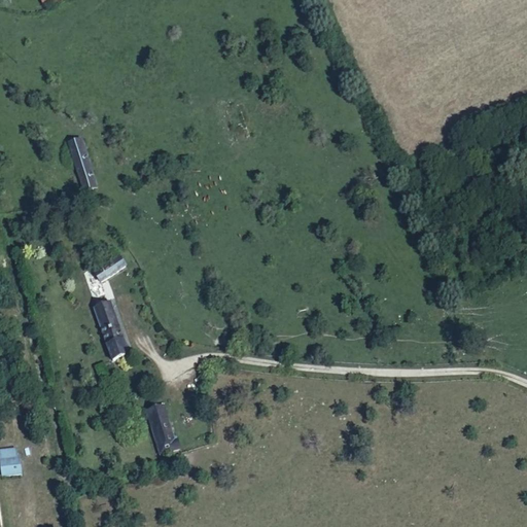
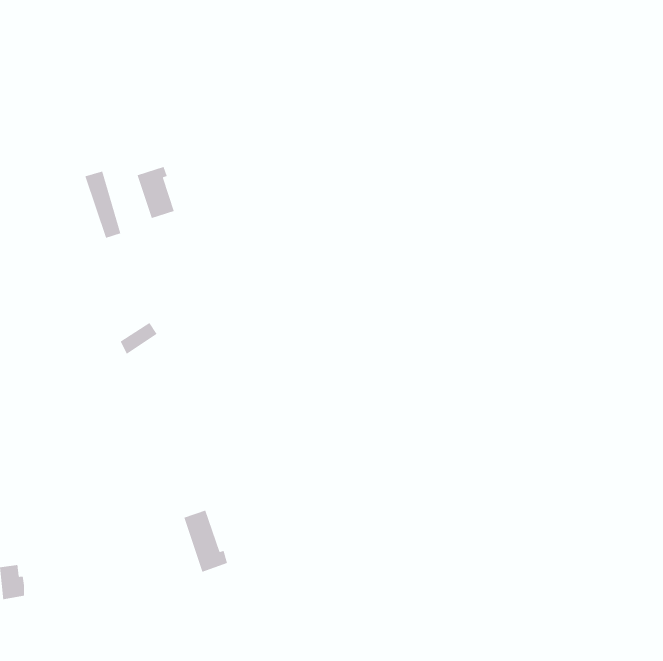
building: none -> [137,166,174,219]
building: [94,301,128,358] -> none

